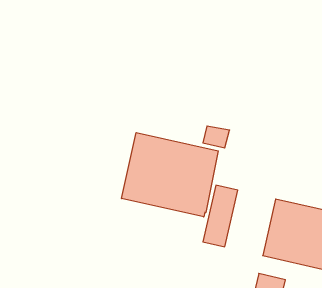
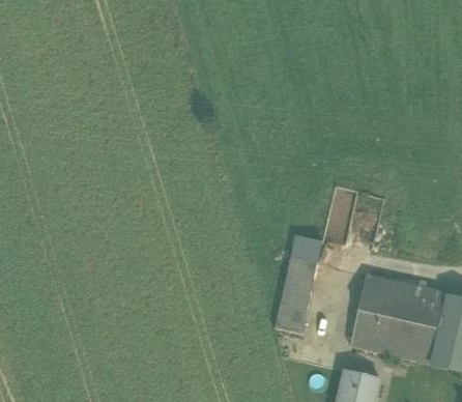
building: [203,126,230,148] -> [290,233,324,261]
building: [122,133,218,217] -> none

